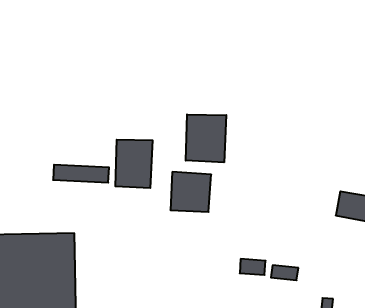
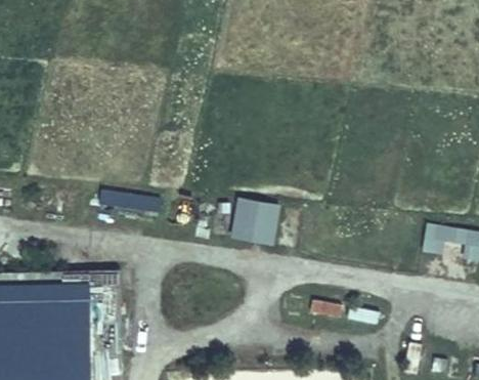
building: [186,114,226,162] -> none
building: [115,140,153,188] -> none

